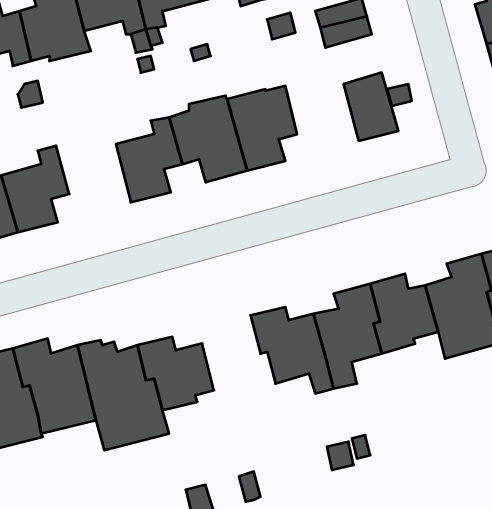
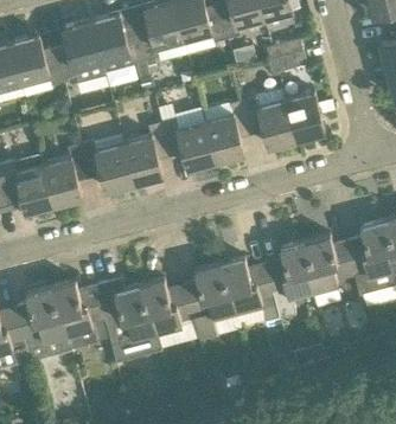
building: none -> [243,89,295,148]
building: none -> [79,140,133,191]
building: none -> [184,264,236,339]

